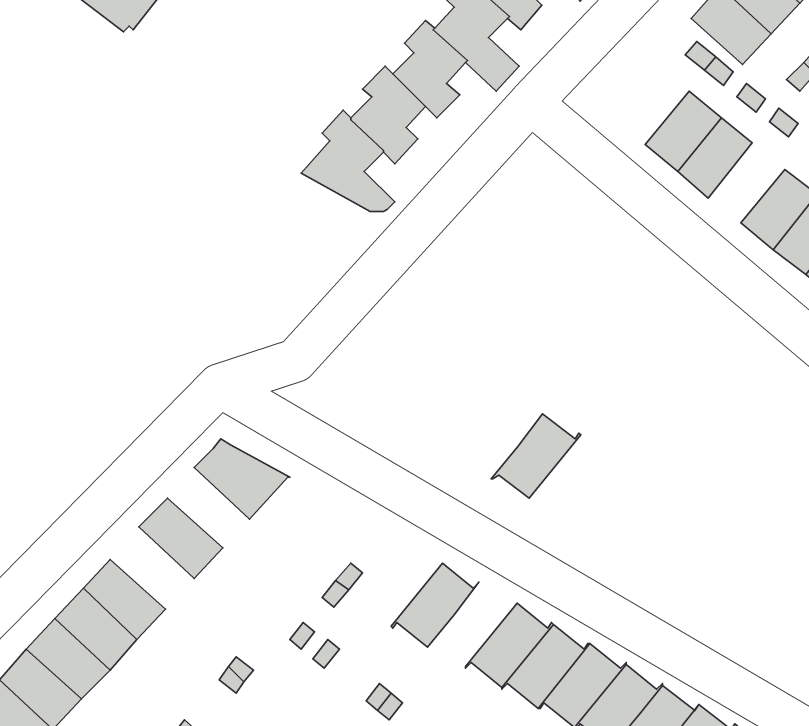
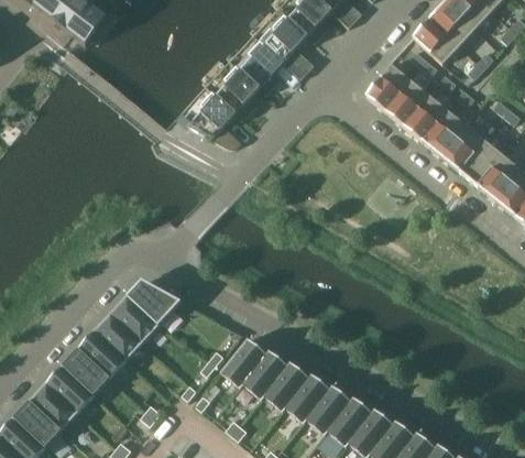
building: none -> [367,64,411,110]
building: none -> [423,109,467,155]
building: [491,414,581,498] -> [261,362,313,411]
building: none -> [111,296,158,342]
building: none -> [78,330,127,378]
building: none -> [221,339,270,388]

